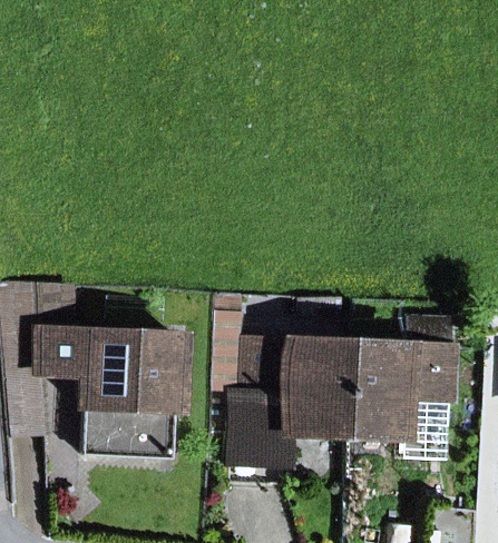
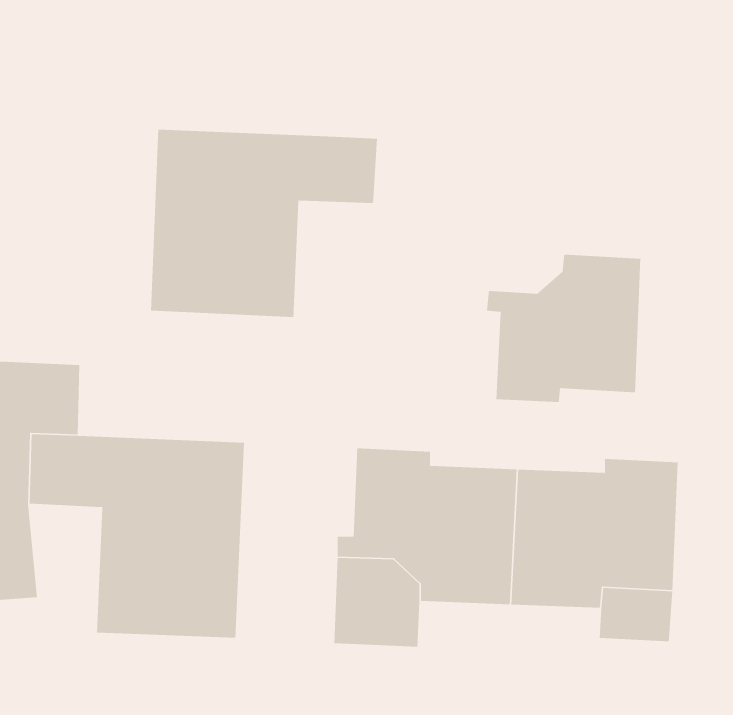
building: none -> [150,129,378,318]
building: none -> [486,254,641,403]

